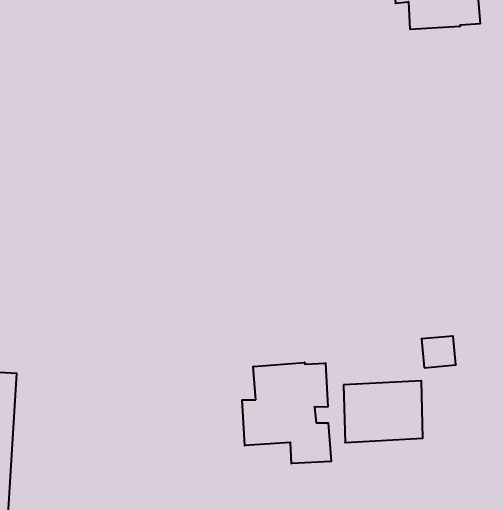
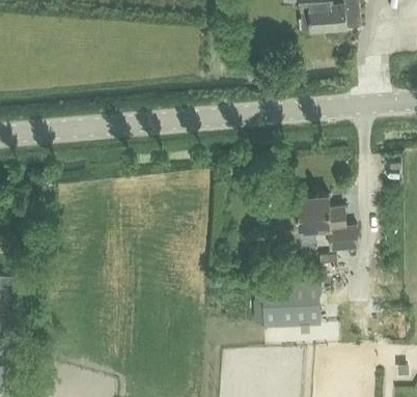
building: none -> [294,195,357,250]
building: [242,362,331,464] -> none

